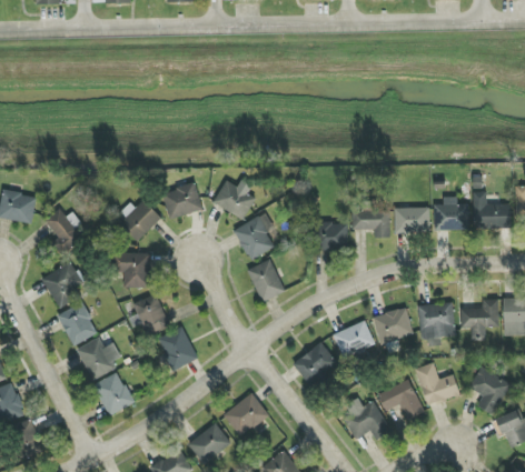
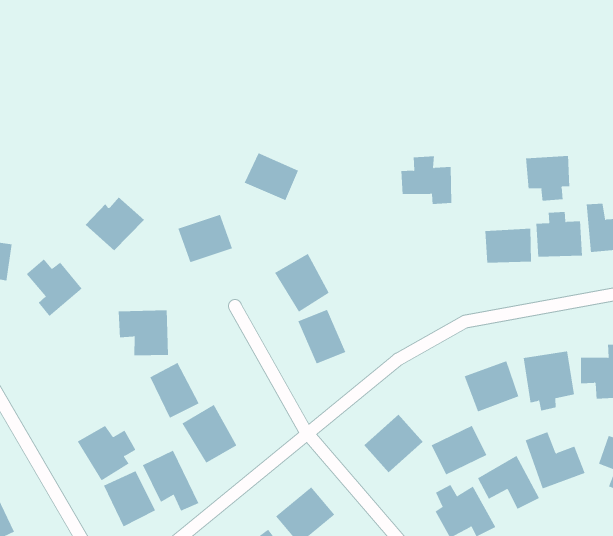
building: none -> [525,155,570,202]
building: [212,181,255,219] -> [244,152,299,201]
building: [116,200,161,241] -> [85,196,145,251]
building: [351,201,390,238] -> [400,156,452,204]
building: [313,222,347,251] -> none
building: [41,262,81,309] -> none
building: [57,302,98,347] -> none
building: [333,321,375,358] -> [431,425,487,475]
building: none -> [142,450,199,511]

